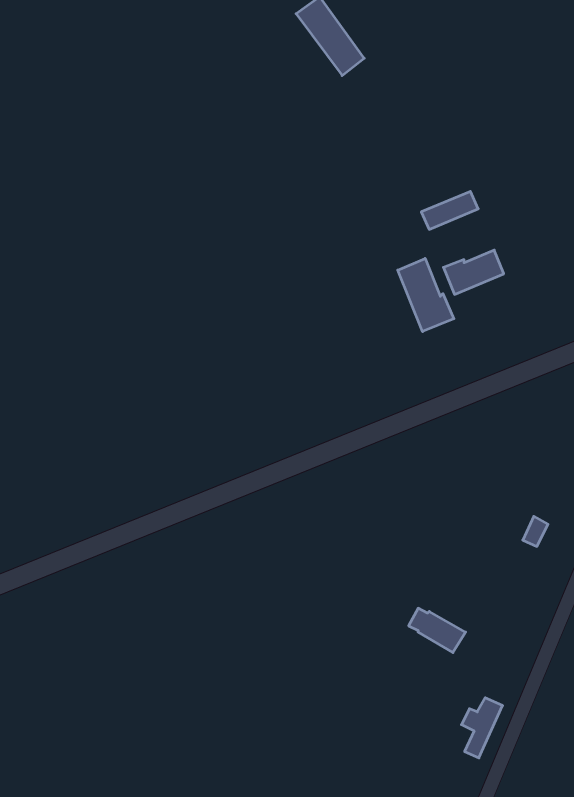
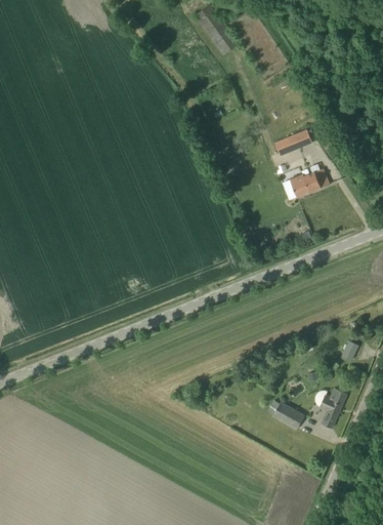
building: [398,258,454,332] -> none
building: [461,698,503,758] -> [320,388,346,427]

